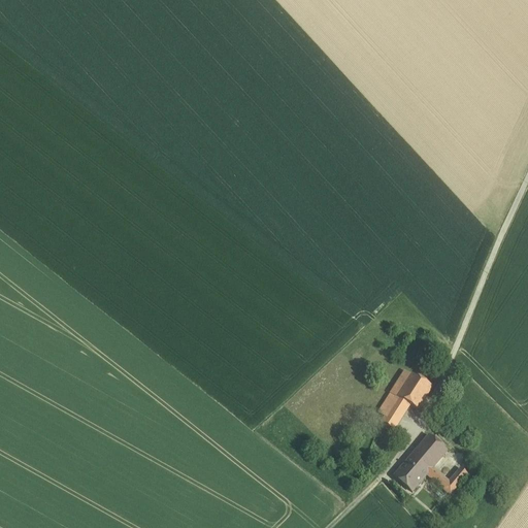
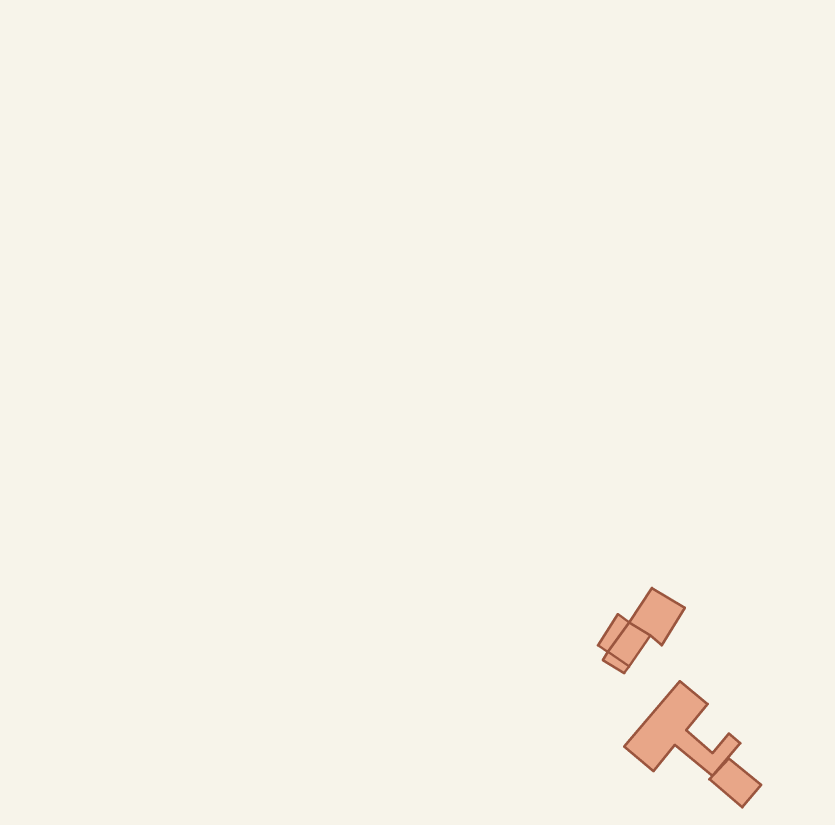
building: none -> [709,759,761,807]

